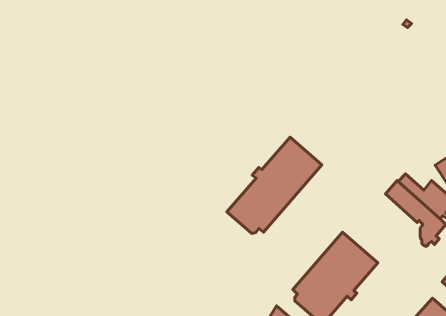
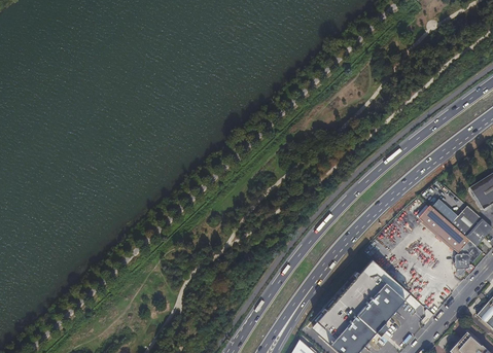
building: [227,137,322,233] -> none

